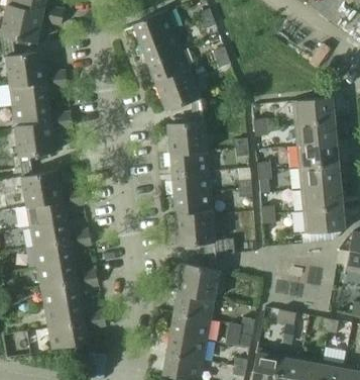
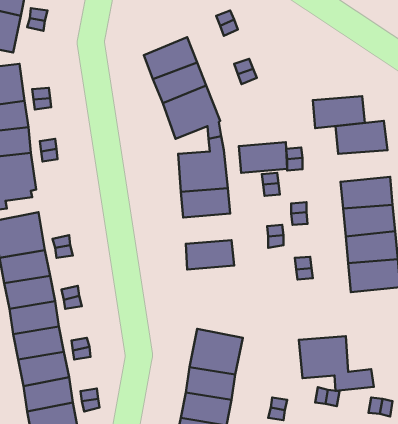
building: [132,11,174,45] -> none
building: [294,121,336,147] -> [313,96,365,128]
building: [171,172,210,196] -> [239,142,287,173]
building: [174,213,234,257] -> [299,336,374,391]

